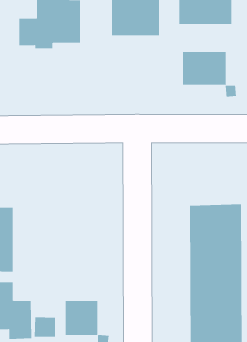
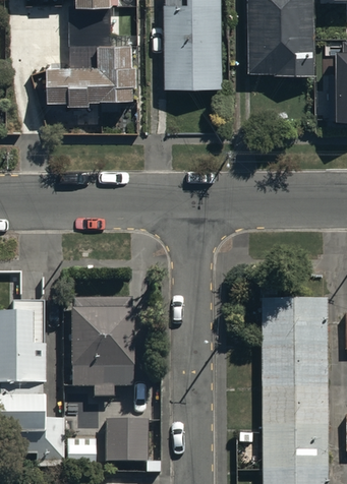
building: [182,51,236,97] -> none
building: none -> [71,297,130,398]

